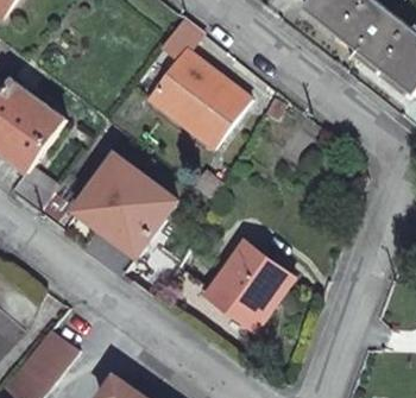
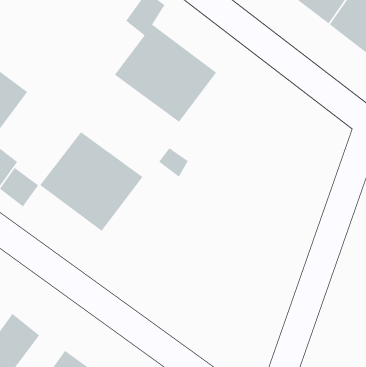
building: [171,242,295,333] -> none

